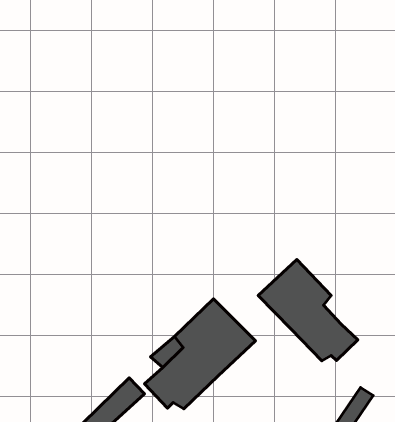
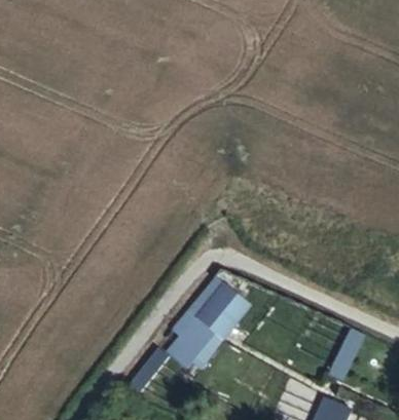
building: [258,260,358,361] -> none

